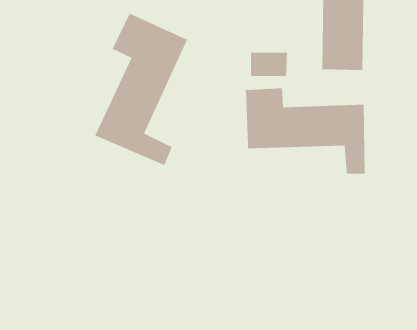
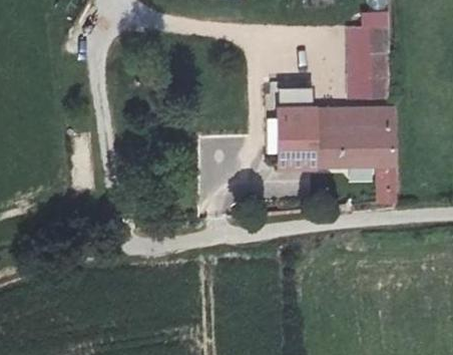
building: [94,13,188,166] -> none
building: none -> [311,104,391,129]

